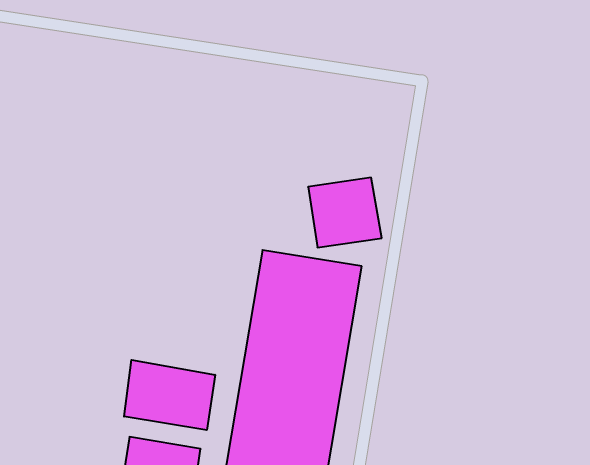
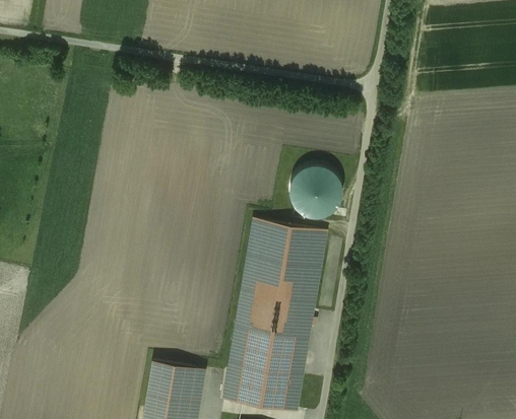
building: [124,360,215,430] -> none

